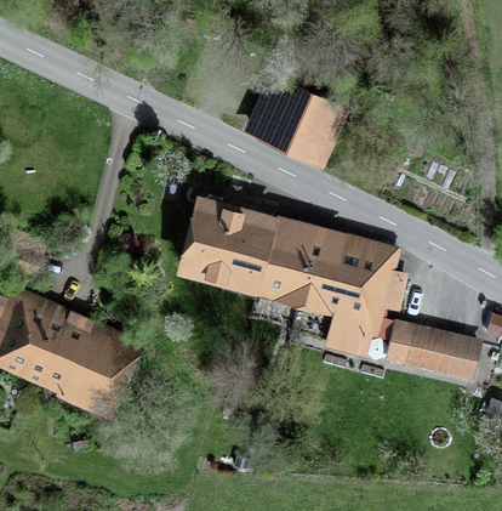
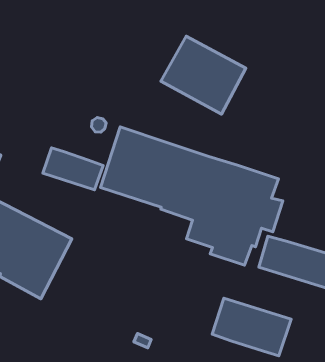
building: none -> [43,148,103,190]
building: none -> [212,298,291,356]

